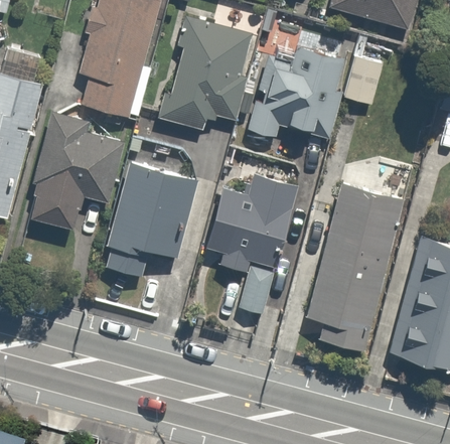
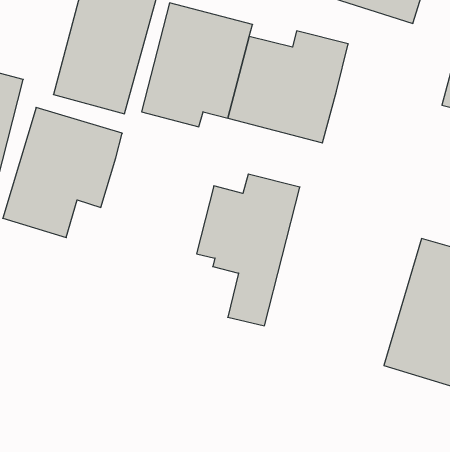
building: [335,52,387,107] -> none
building: [99,159,199,275] -> none
building: [296,185,410,349] -> none

